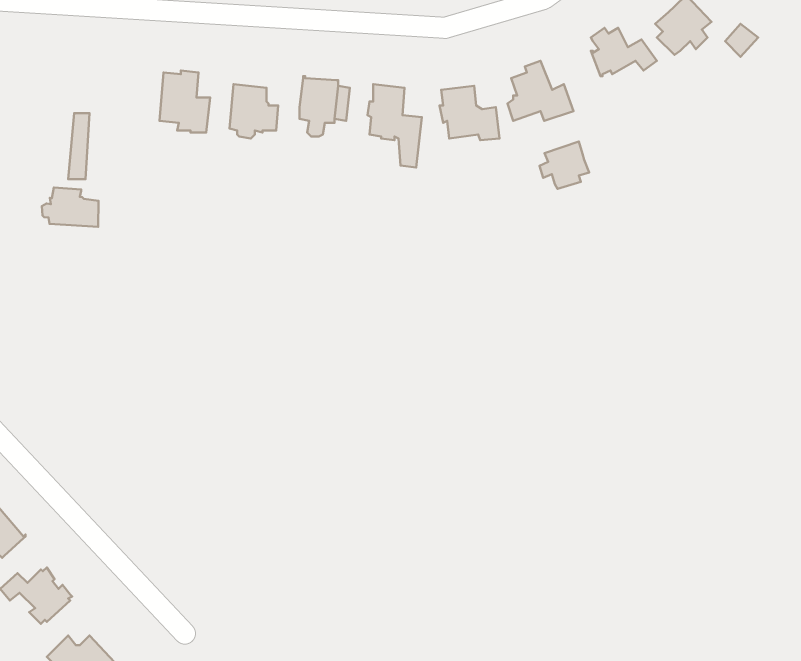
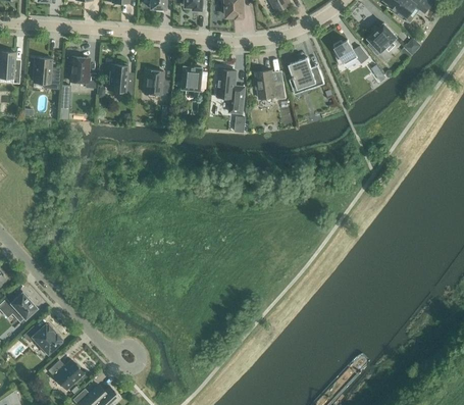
building: none -> [69,56,95,88]
building: none -> [32,58,58,89]
building: [540,142,589,189] -> none
building: [42,188,98,227] -> none

